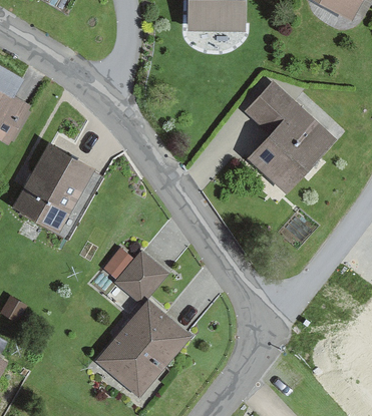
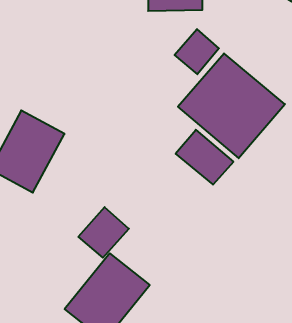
building: none -> [175,29,219,74]
building: none -> [176,130,233,185]

